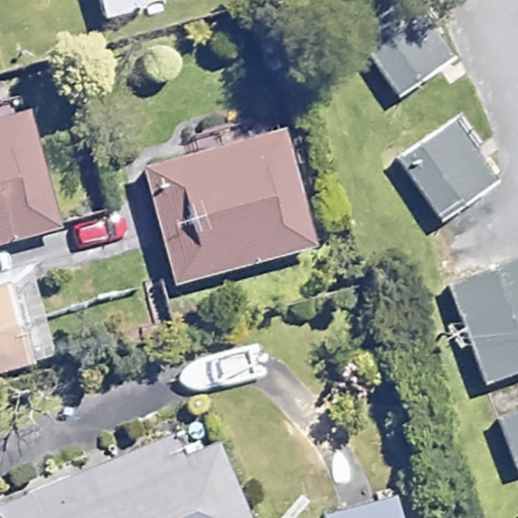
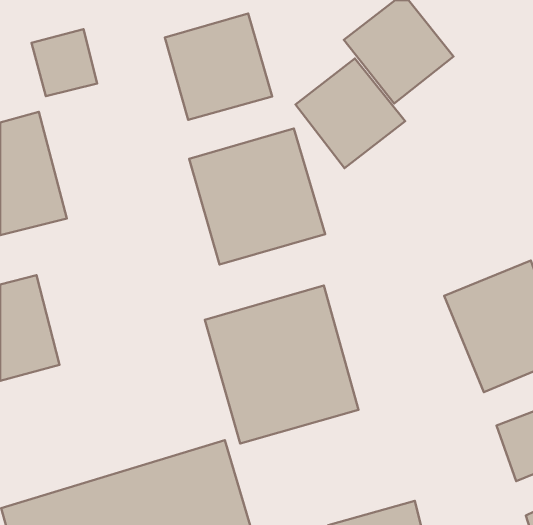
building: none -> [165,14,272,120]
building: [378,123,485,230] -> [295,58,405,168]
building: none -> [205,286,358,443]

